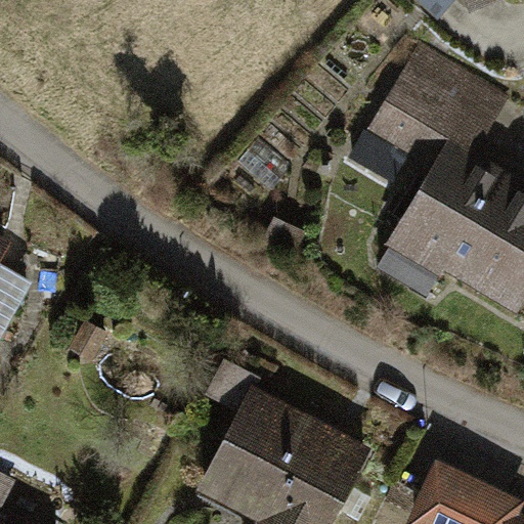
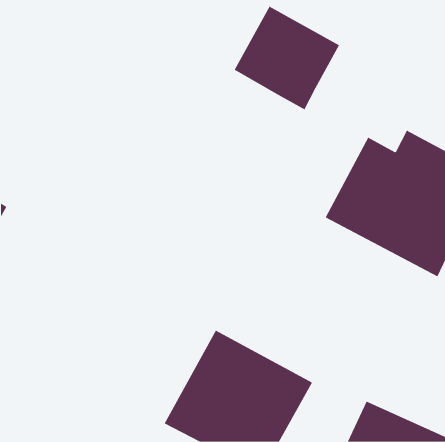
building: [382,55,506,177] -> [234,6,340,110]

